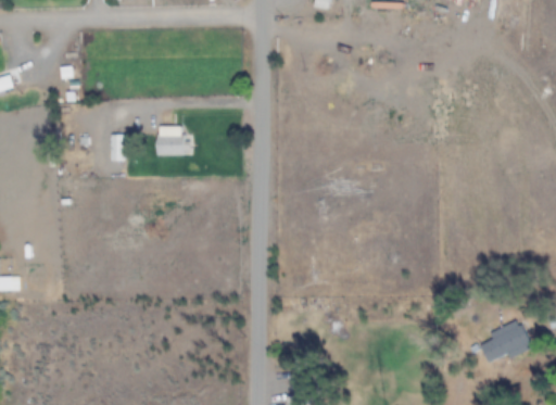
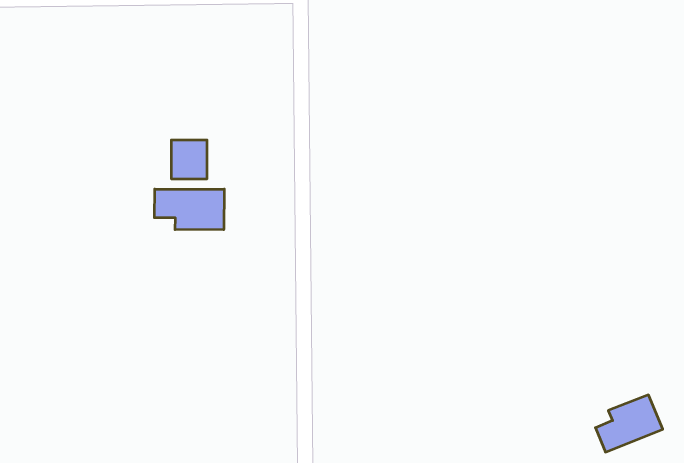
building: none -> [154,189,224,230]

